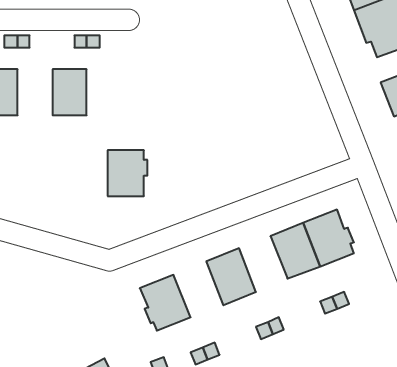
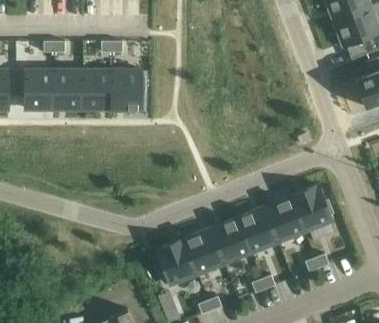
building: none -> [54,70,83,108]
building: [108,150,147,196] -> [111,70,144,108]
building: none -> [237,208,277,254]
building: none -> [183,229,224,275]

